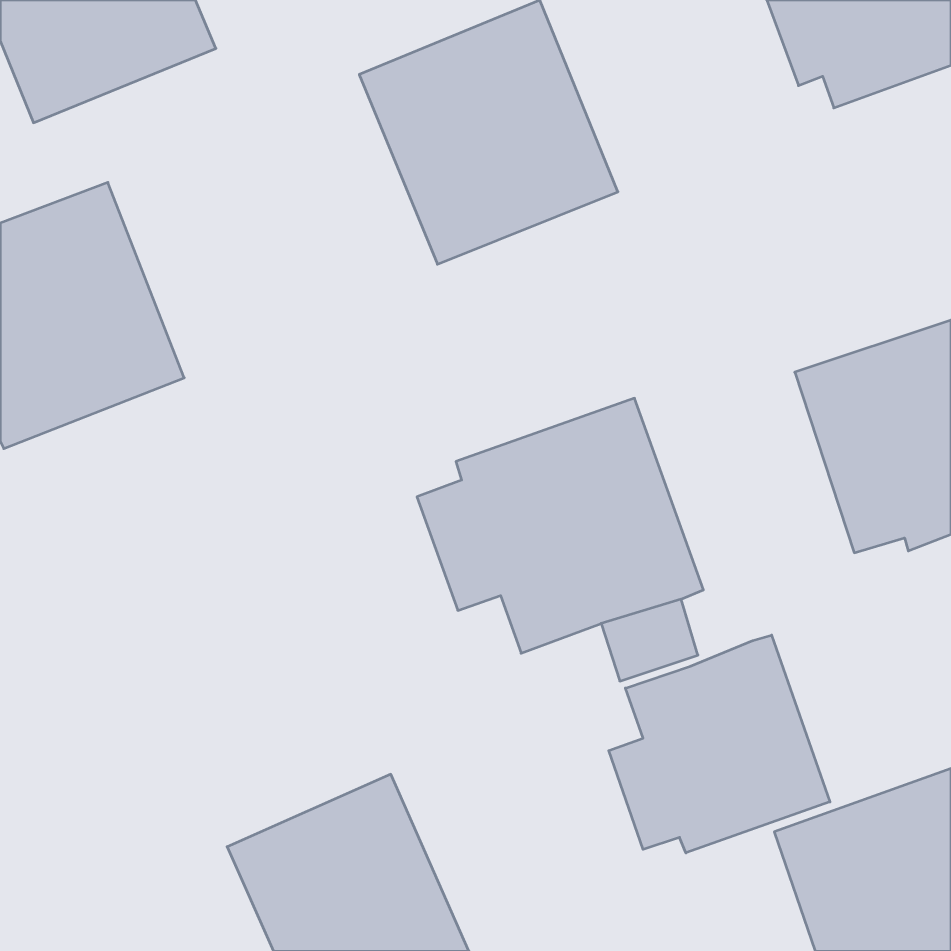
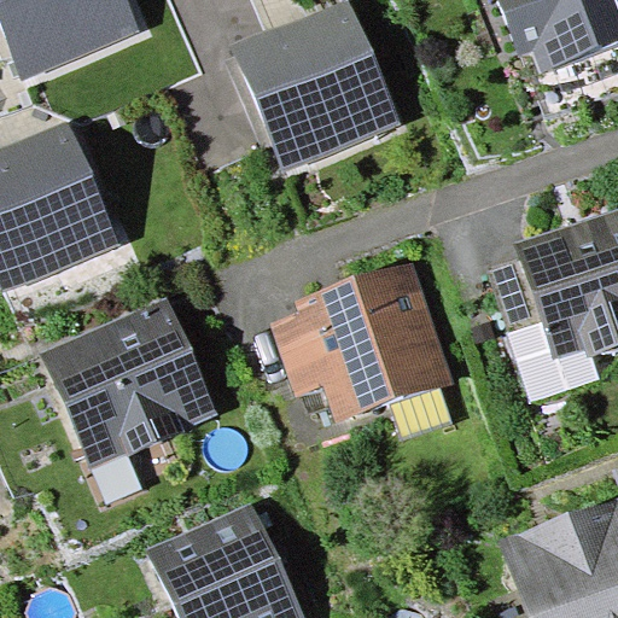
building: none -> [42,296,222,467]
building: [609,635,830,853] -> none

